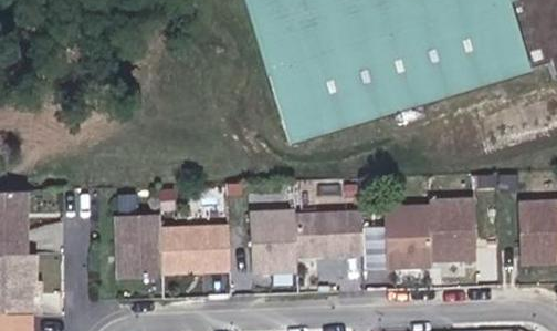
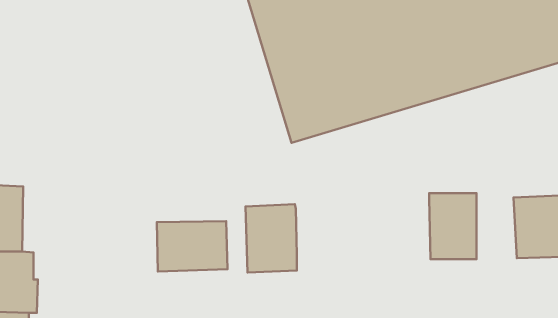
building: [382,203,429,267] -> none
building: [296,211,360,258] -> none
building: [111,214,160,277] -> none

